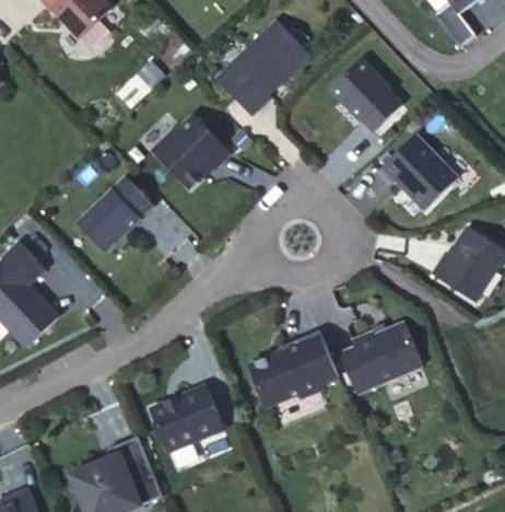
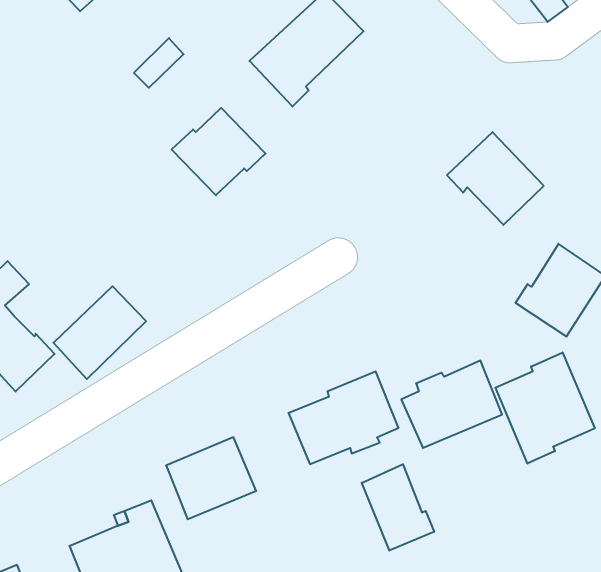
building: [331,59,401,129] -> none
building: [78,176,153,252] -> [53,286,146,379]
building: none -> [495,352,595,464]
building: none -> [362,464,434,551]

